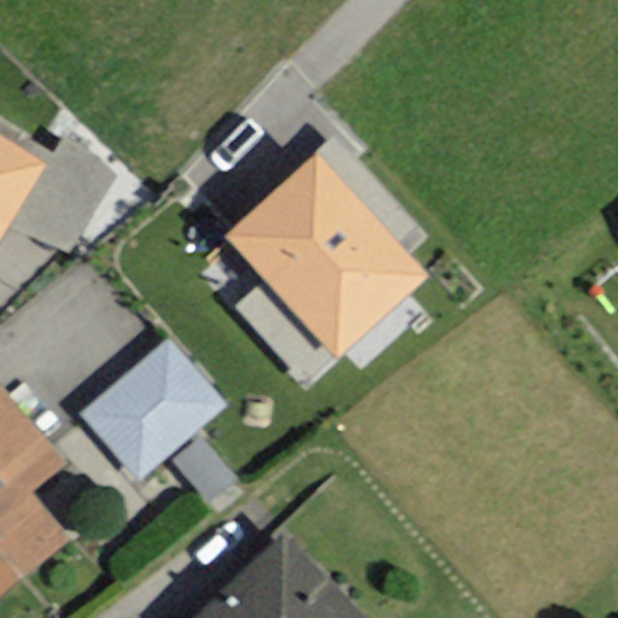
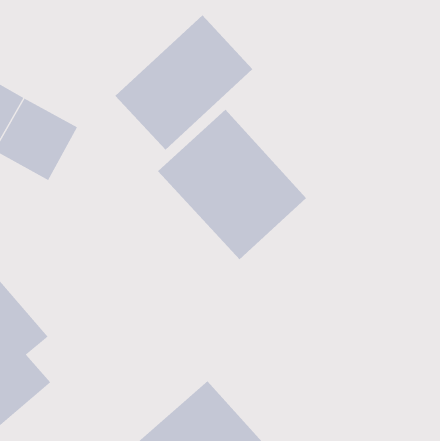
building: none -> [114,14,253,151]
building: [80,337,221,476] -> none

